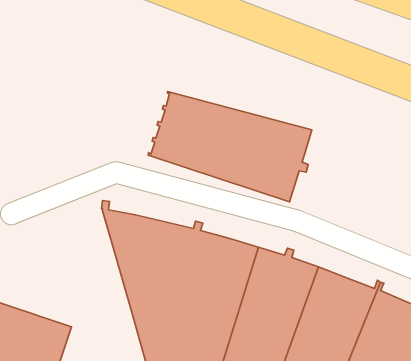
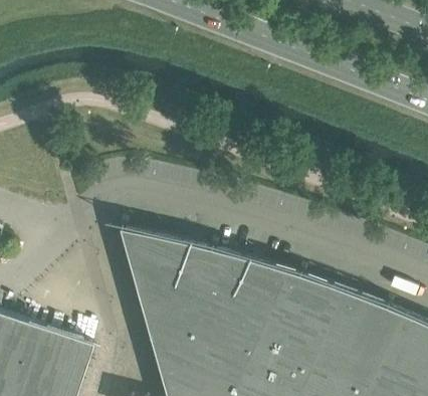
building: [148,92,312,202] -> none

